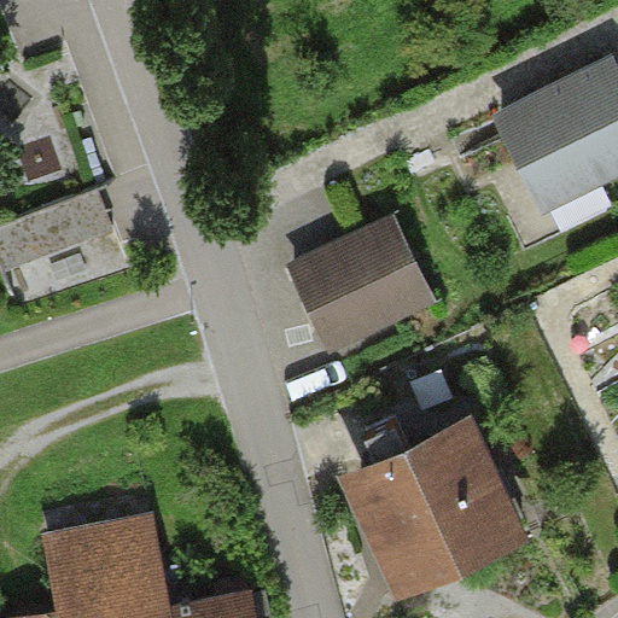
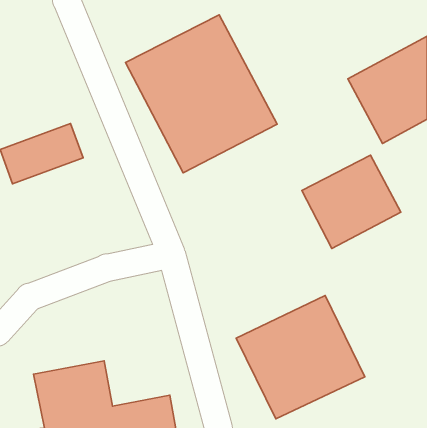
building: none -> [126,15,277,173]
building: [293,218,436,352] -> [302,155,401,248]

